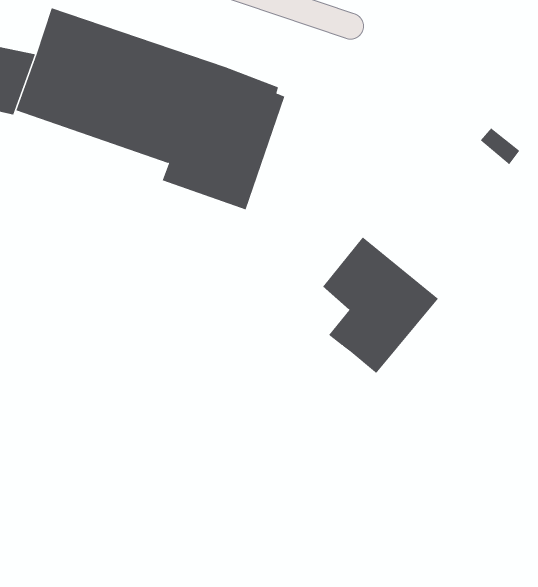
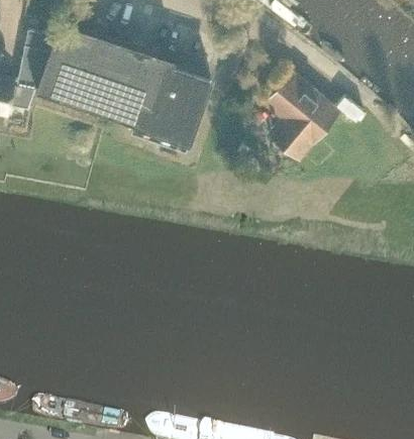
building: [322,237,439,374] -> [263,74,338,162]

